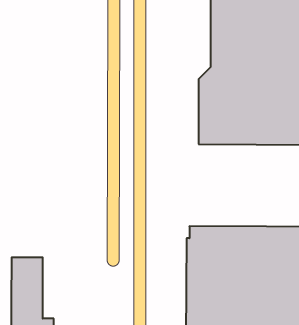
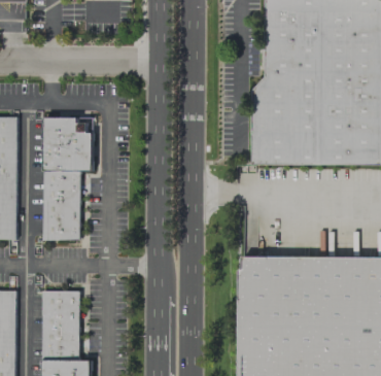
building: none -> [42,116,92,239]

